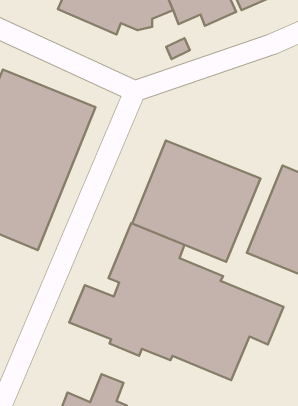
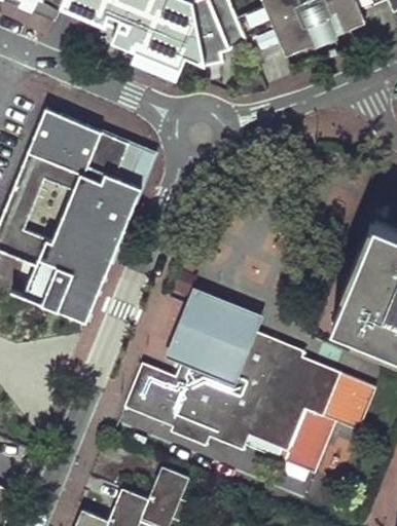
building: [132,141,260,262] -> none

